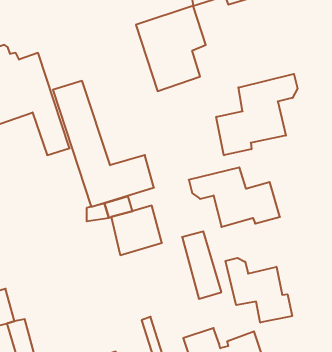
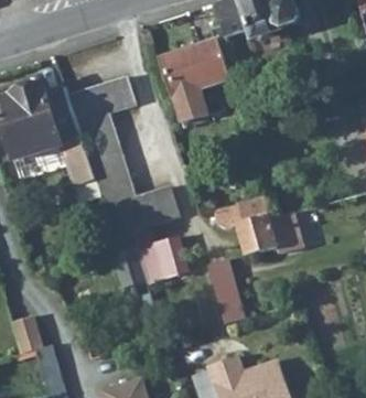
building: none -> [72,75,136,120]
building: [216,74,297,155] -> none
building: [225,258,292,323] -> none

